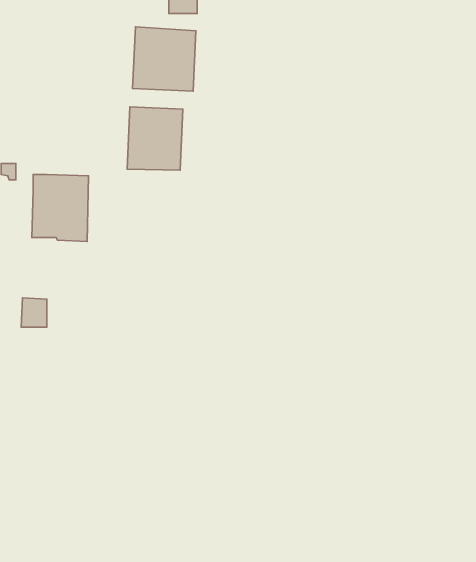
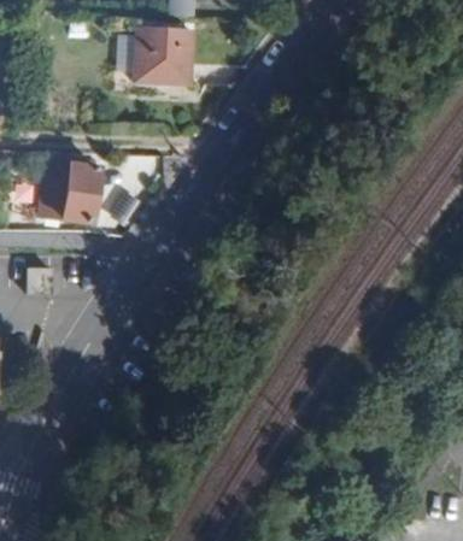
building: [127,107,183,170] -> none

